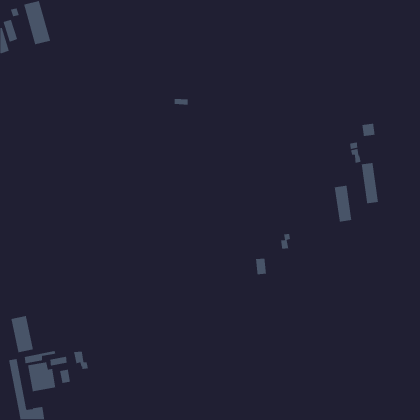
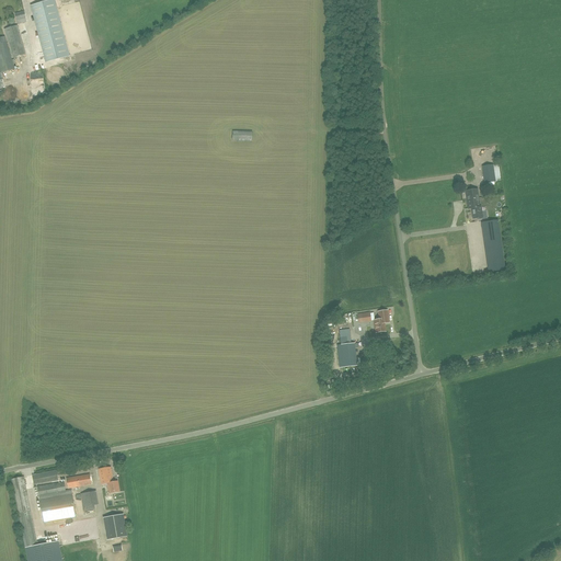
building: [334,185,352,223] -> none
building: [11,315,34,353] -> none
building: none -> [102,514,126,539]

